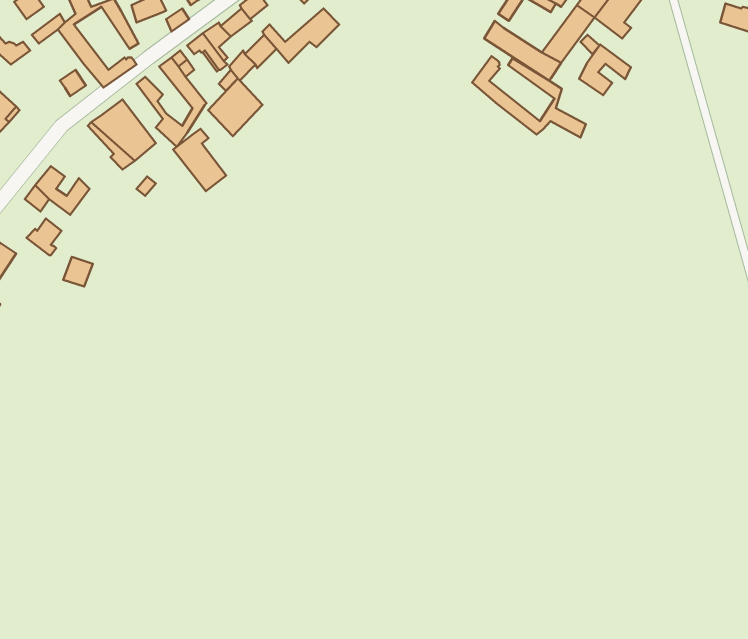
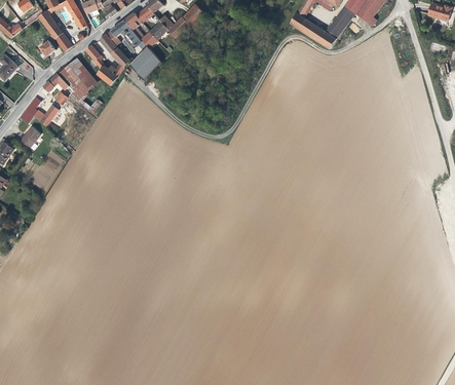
building: [579,44,631,95] -> none
building: [472,56,586,138] -> none
building: none -> [40,75,73,112]
building: [173,129,226,191] -> none

